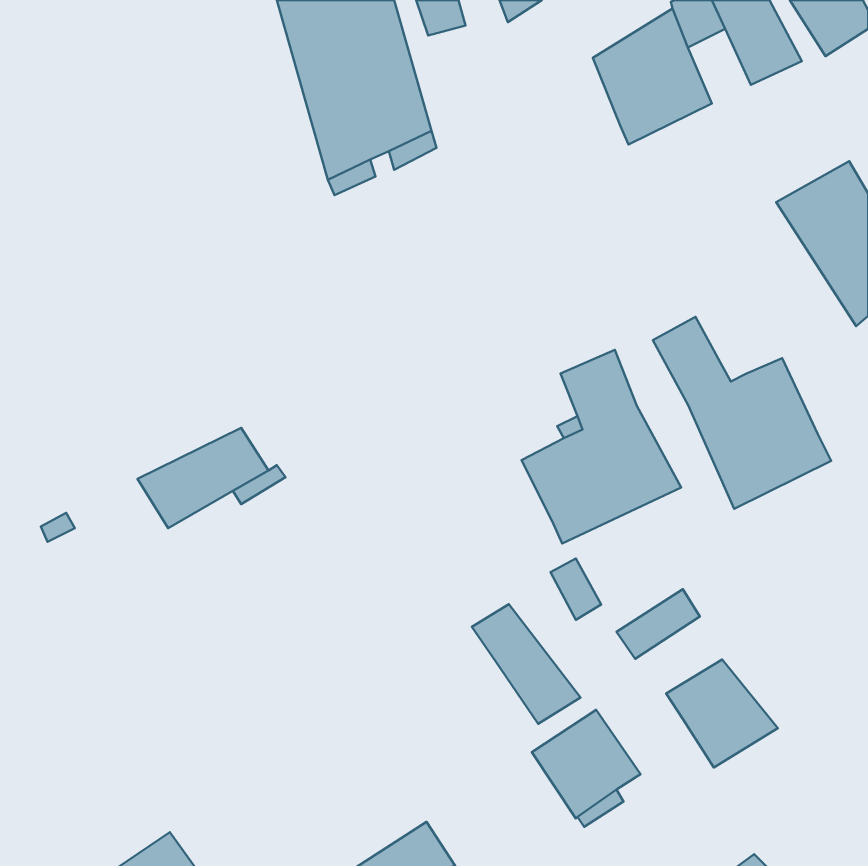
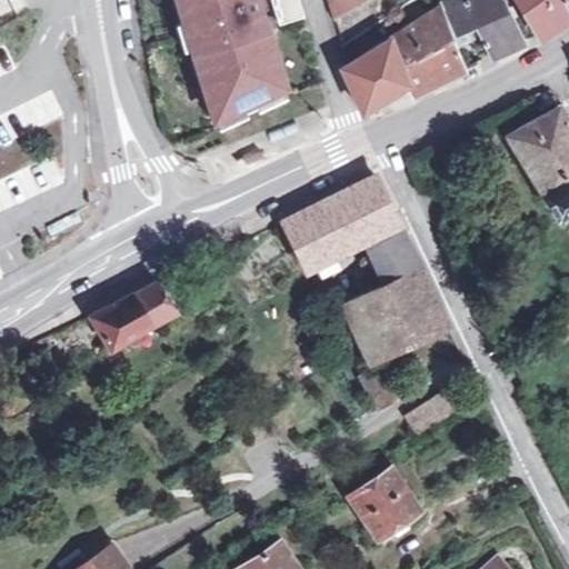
building: none -> [342,39,406,110]
building: none -> [282,174,393,269]
building: [653,317,831,509] -> none
building: [472,604,580,724] -> none
building: [666,660,778,767] -> none

